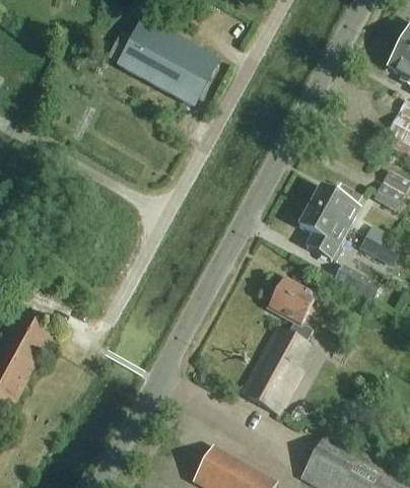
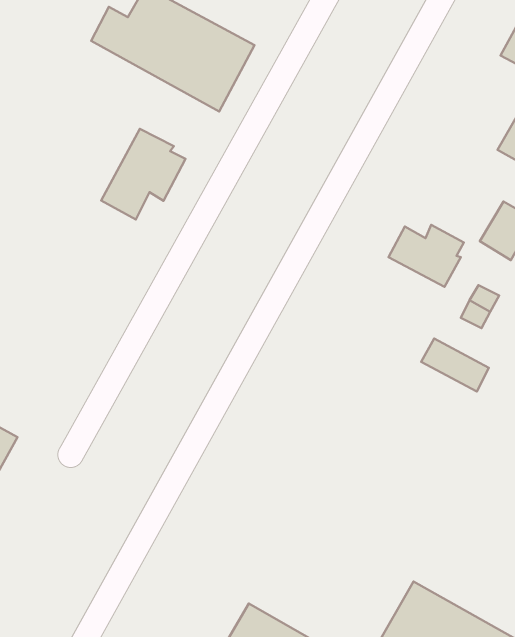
building: none -> [101,129,185,219]
building: [299,208,349,262] -> none
building: [242,278,318,415] -> none

